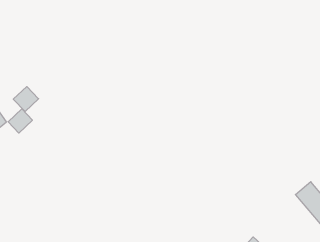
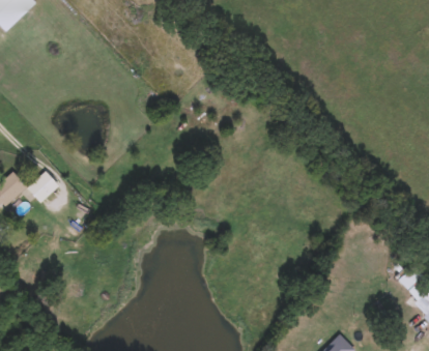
building: [13,87,39,112] -> none

